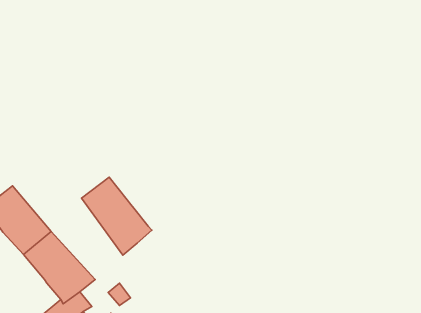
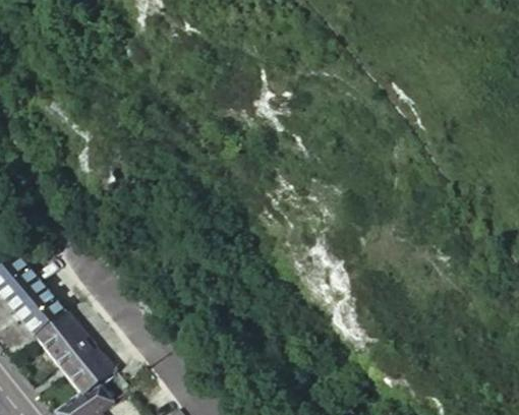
building: [82,177,152,255] -> none

